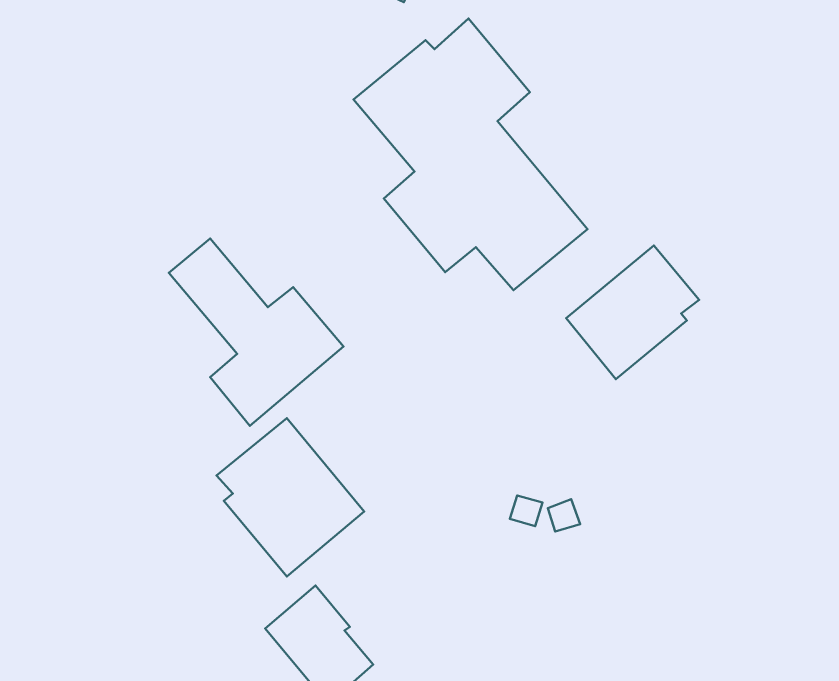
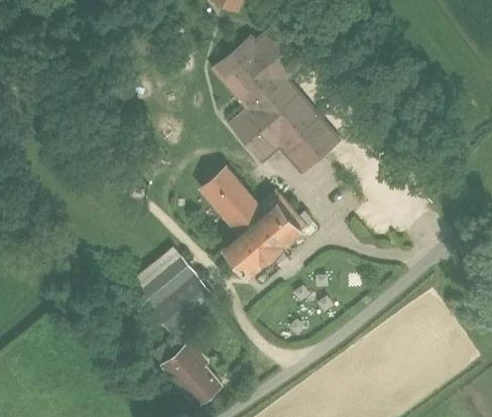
building: [169,239,344,426] -> [203,170,300,275]
building: [566,246,699,379] -> none

